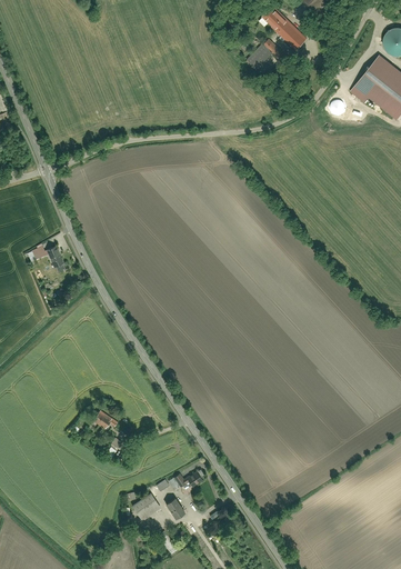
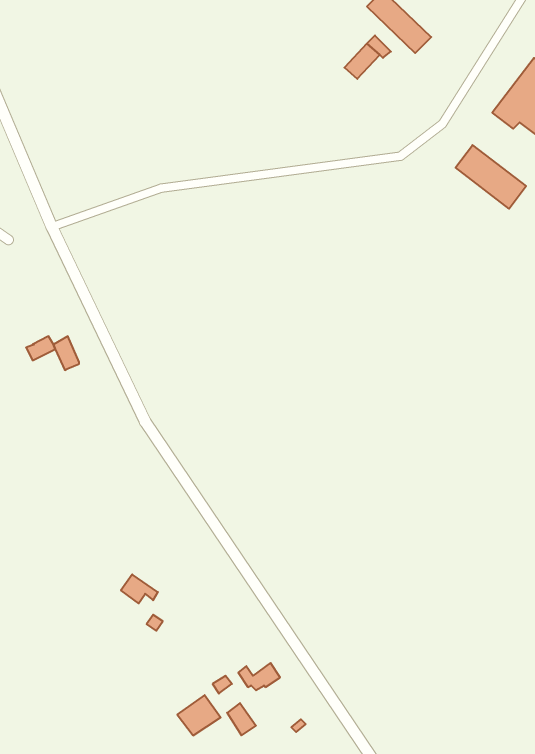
building: none -> [456,145,526,209]

